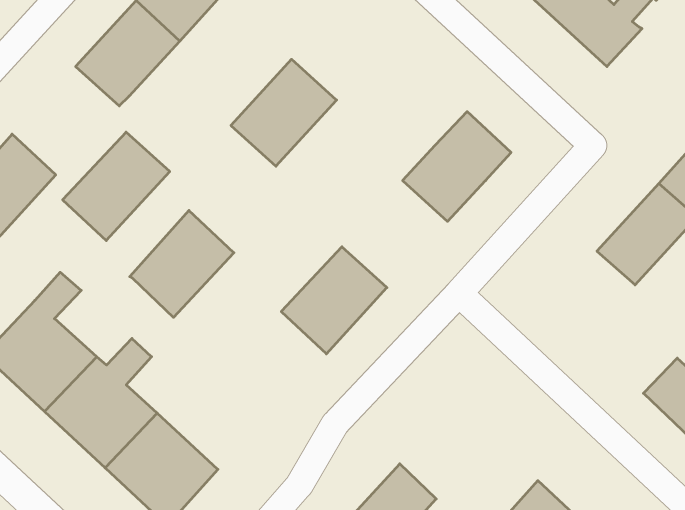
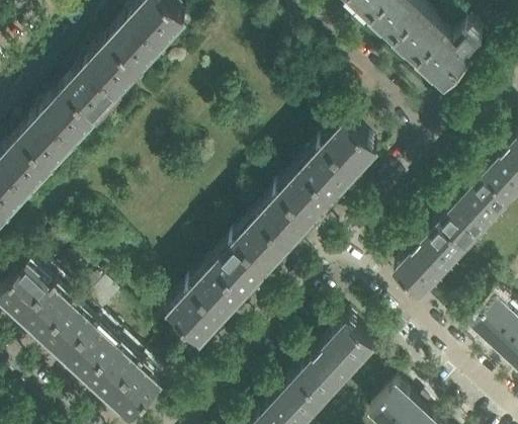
building: [231,59,337,166] -> [256,173,332,250]
building: [63,132,170,241] -> [19,91,96,169]
building: [130,210,234,317] -> [170,267,245,344]
building: none -> [395,224,466,295]
building: none -> [297,323,373,402]

